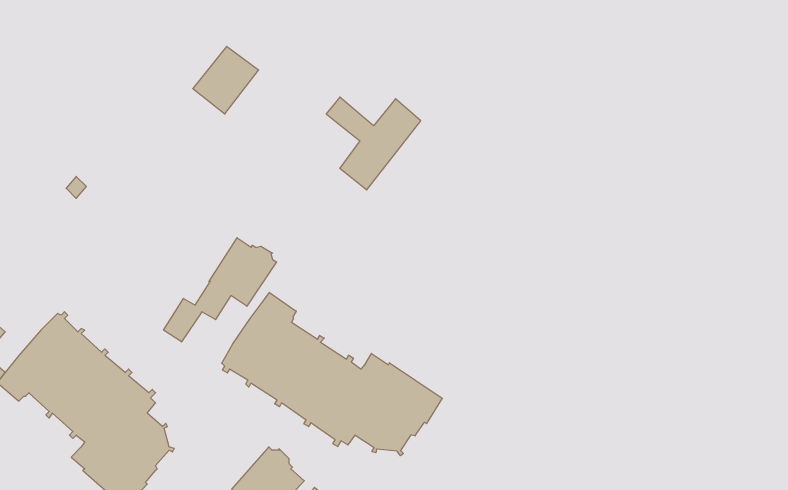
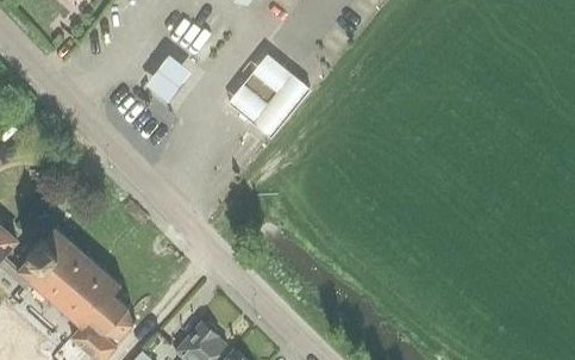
building: [164,238,276,342] -> none
building: [222,292,442,456] -> none

